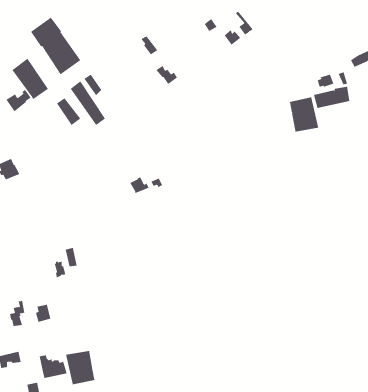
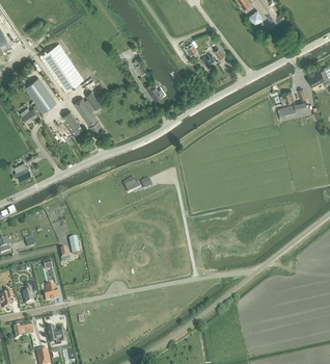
building: [289,96,319,132] -> none
building: [65,350,96,385] -> none

